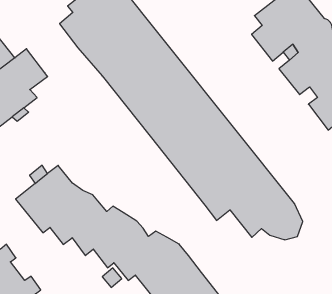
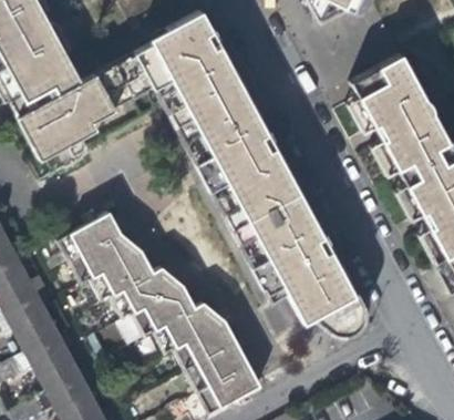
building: none -> [100,57,156,107]

